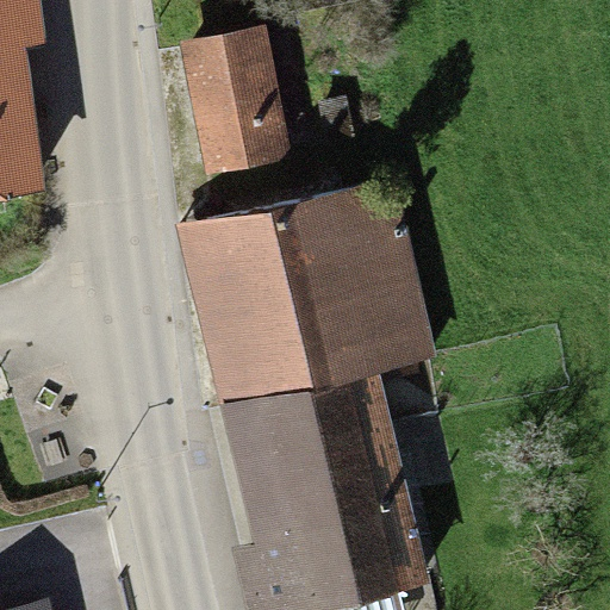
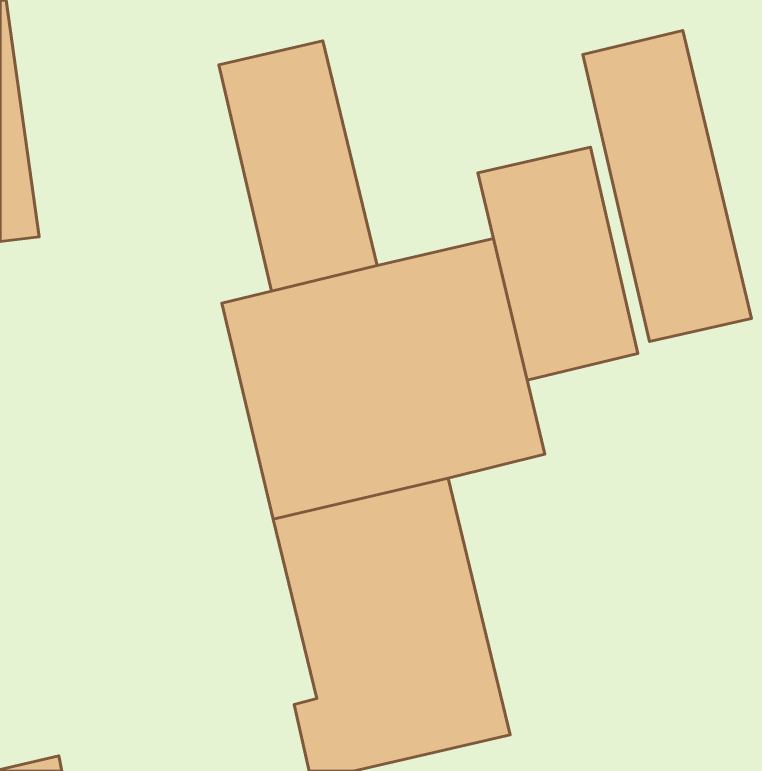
building: none -> [583,31,751,342]
building: none -> [478,147,638,380]

